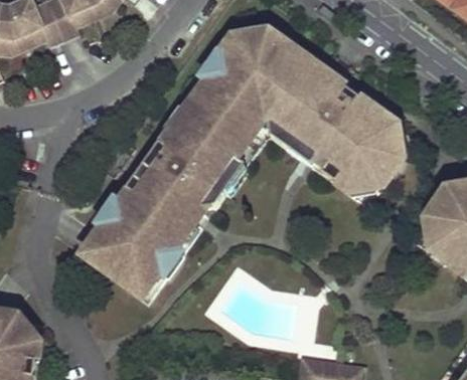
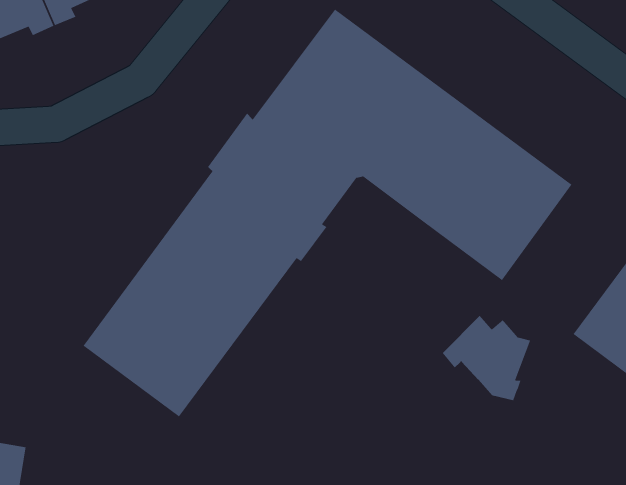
building: none -> [442,315,531,401]

